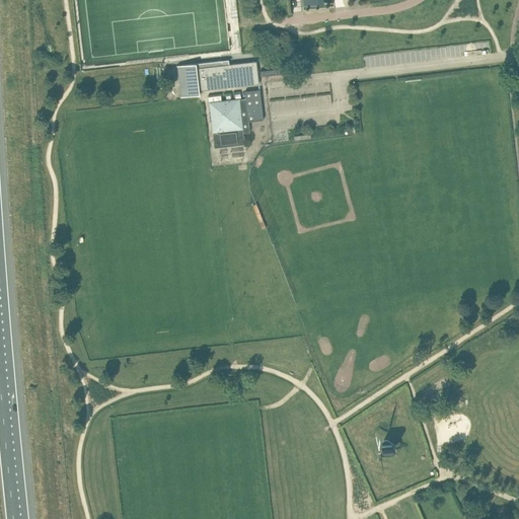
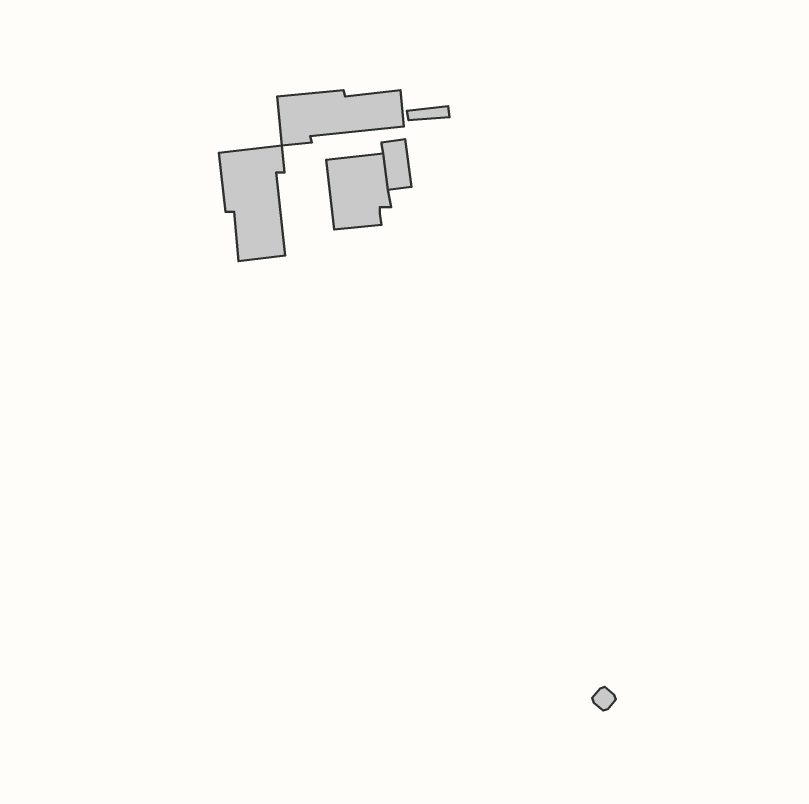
building: none -> [219,146,285,261]

